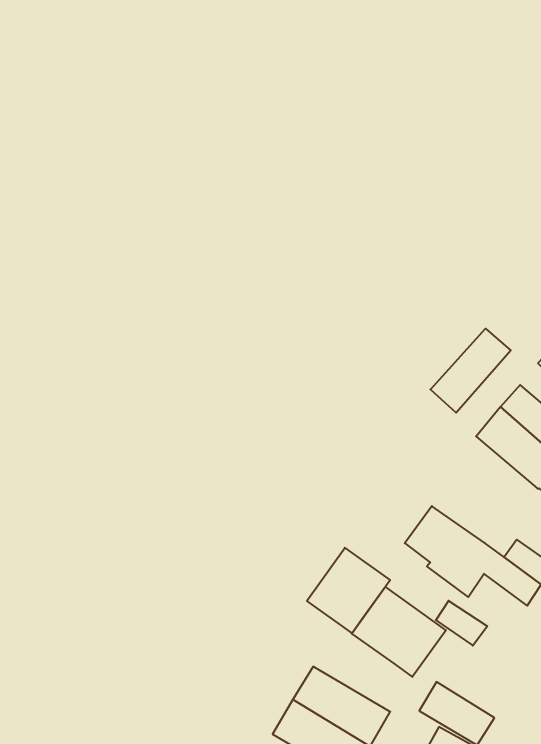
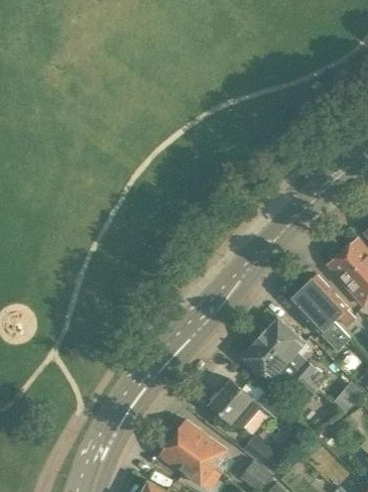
building: [430,329,511,413] -> none
building: none -> [261,318,305,361]
building: [307,548,390,633] -> none

